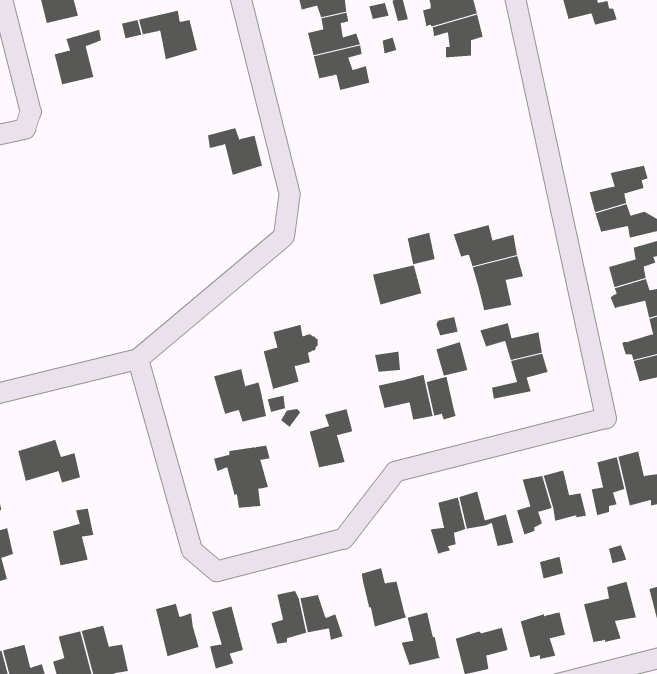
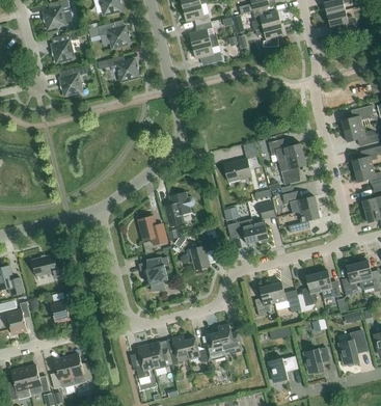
building: none -> [59,63,90,94]
building: [207,127,263,175] -> [107,55,137,81]
building: [155,603,199,657] -> [147,341,171,370]
building: [401,612,441,665] -> [203,331,225,360]

